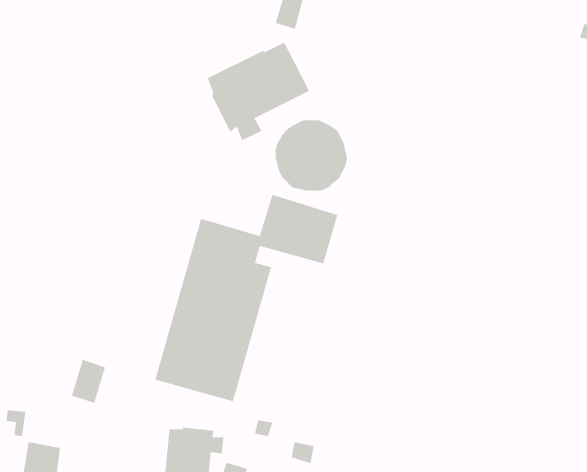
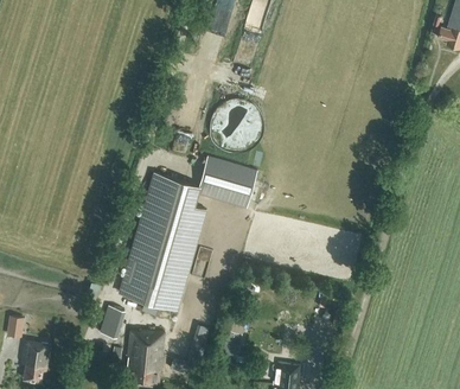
building: [207,42,310,141] -> none
building: [71,359,106,404] -> [98,304,124,337]

